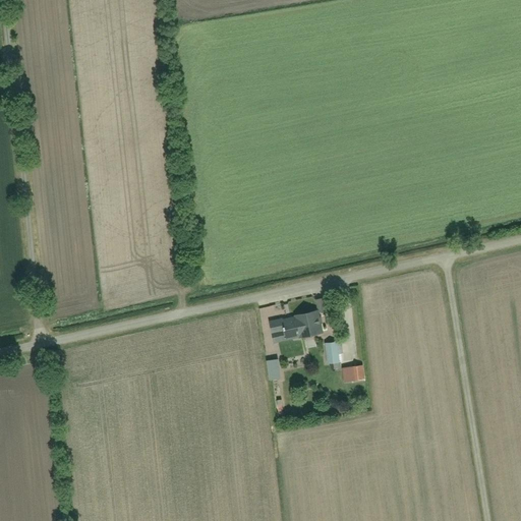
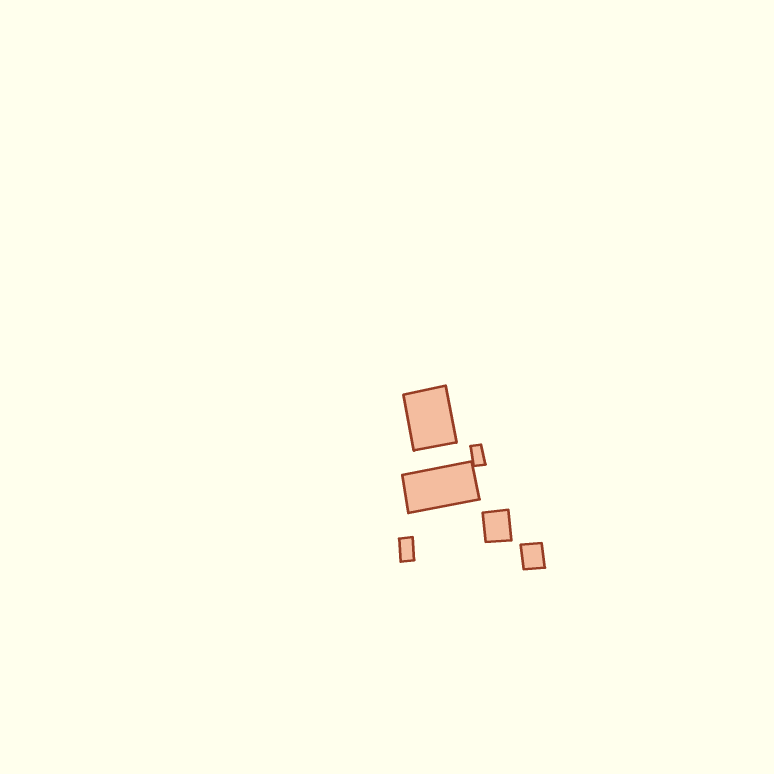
building: none -> [404,386,456,451]

